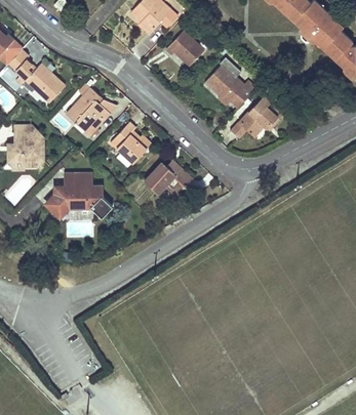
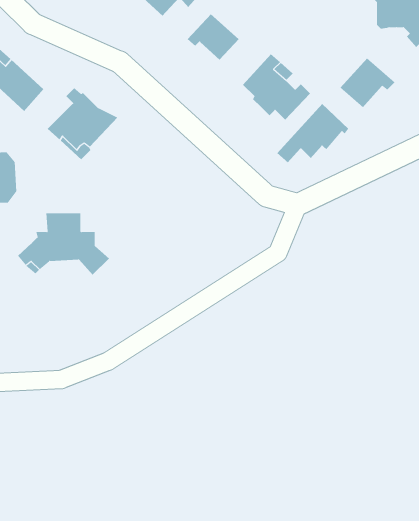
building: none -> [339,57,395,108]
building: [110,122,151,164] -> none
building: [145,160,192,196] -> none

